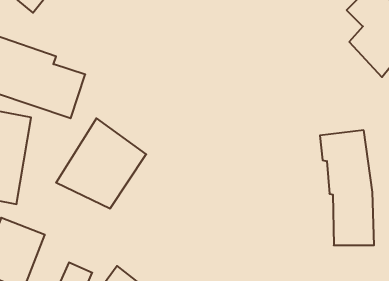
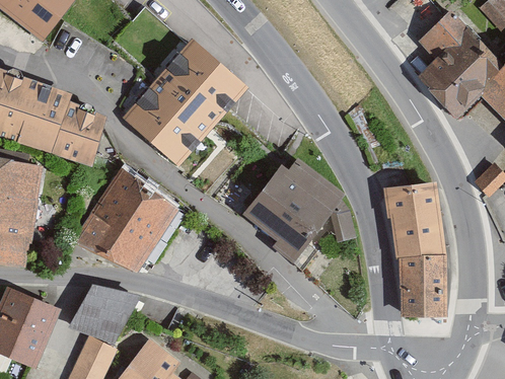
building: none -> [122,39,247,167]
building: none -> [242,157,356,264]
building: none -> [67,286,141,346]

